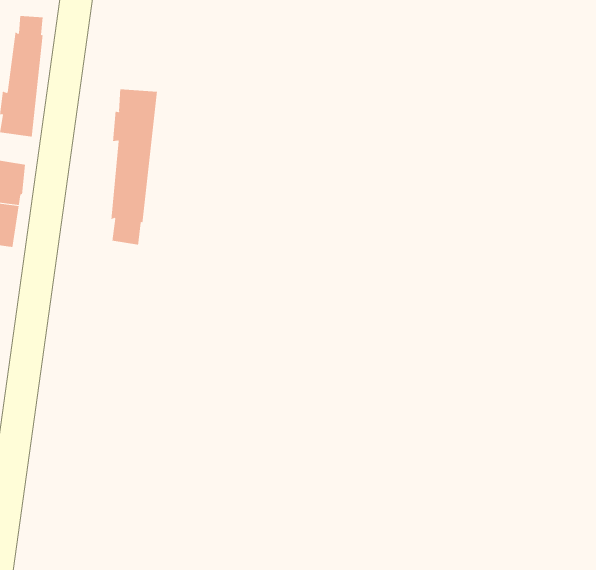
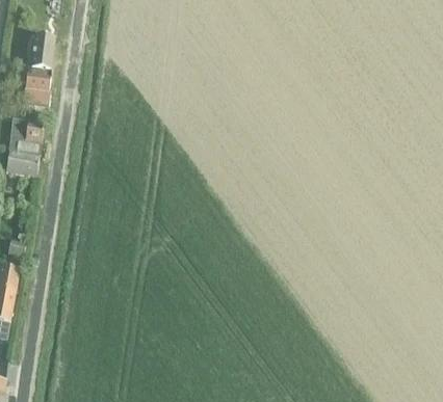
building: [111,89,157,245] -> none

